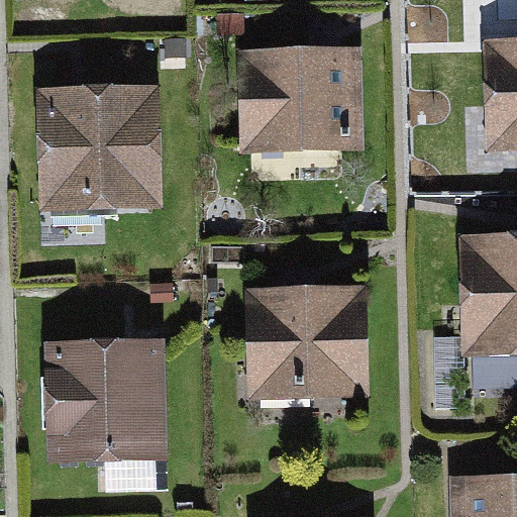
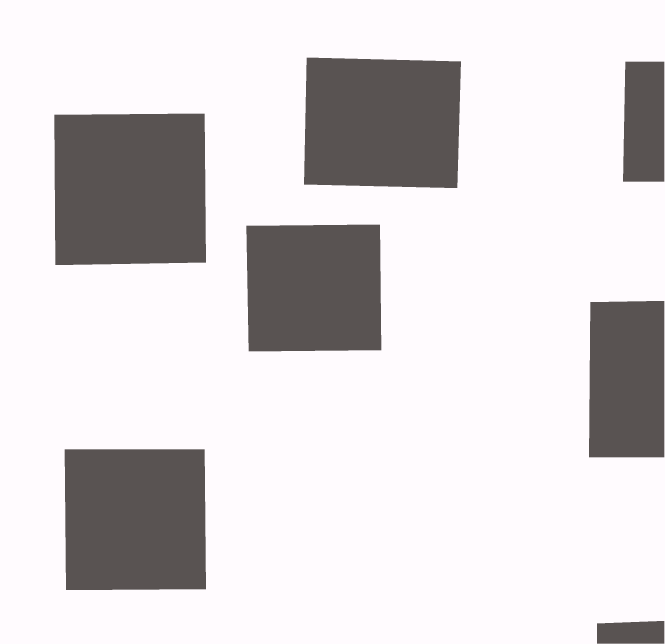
building: none -> [246,224,382,352]
building: [251,294,367,406] -> none

